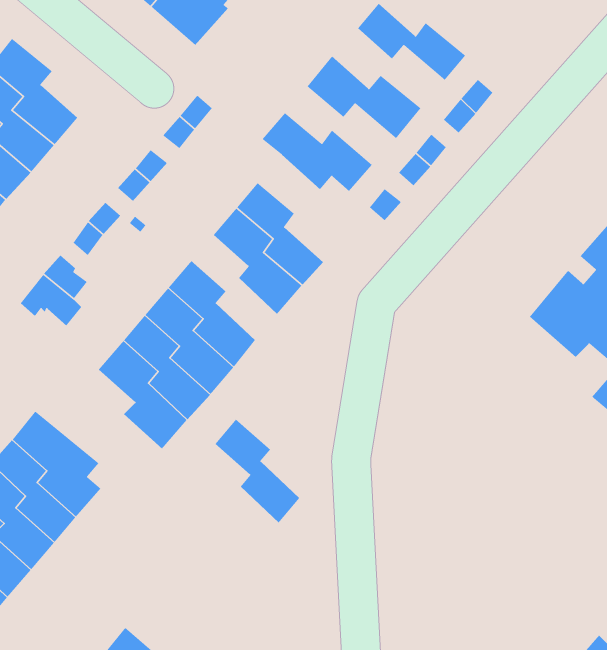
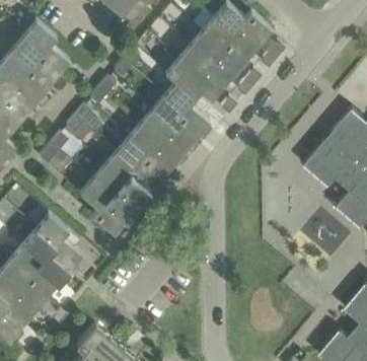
building: none -> [202,15,261,57]
building: none -> [177,46,235,86]
building: none -> [163,81,210,137]
building: [214,418,300,524] -> [129,123,173,177]

